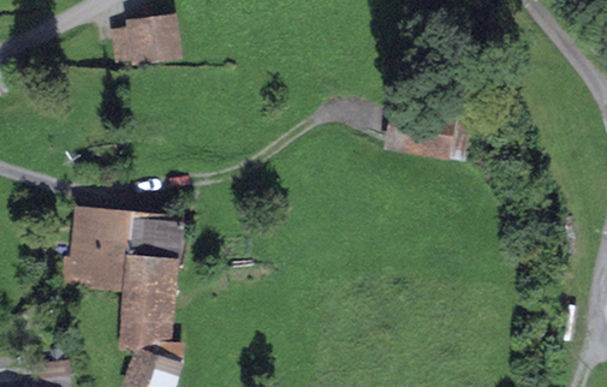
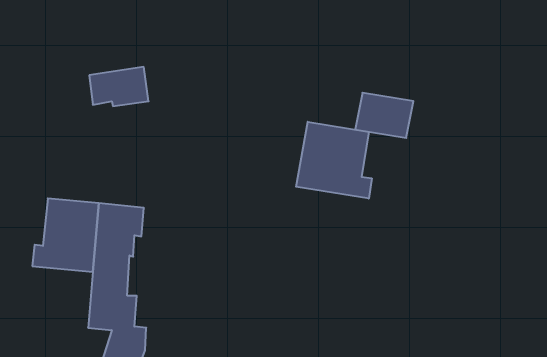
building: [115,20,175,60] -> [89,67,149,106]
building: none -> [296,122,372,199]

